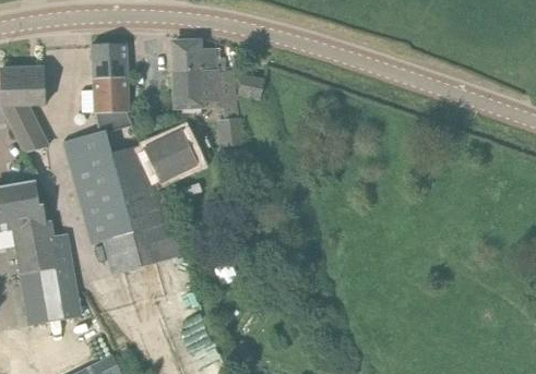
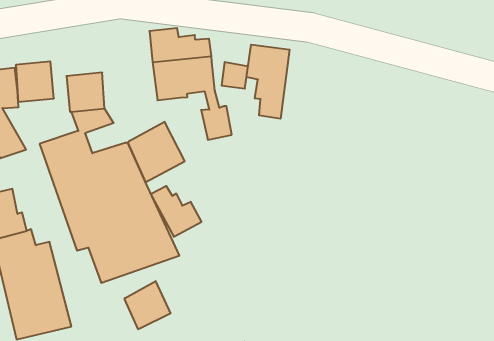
building: [92,41,126,77] -> [16,61,54,102]
building: none -> [247,45,290,119]
building: none -> [151,186,201,237]
building: none -> [125,281,170,329]

